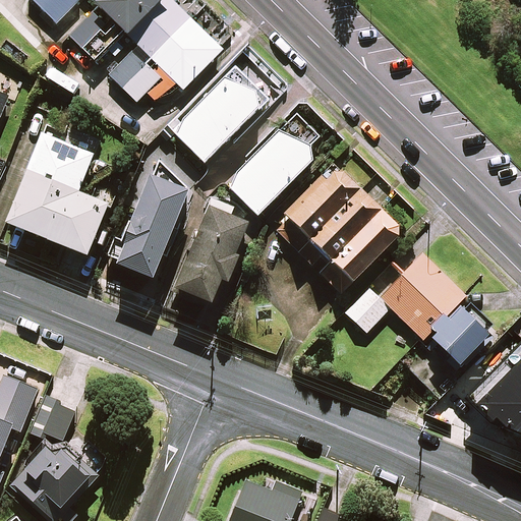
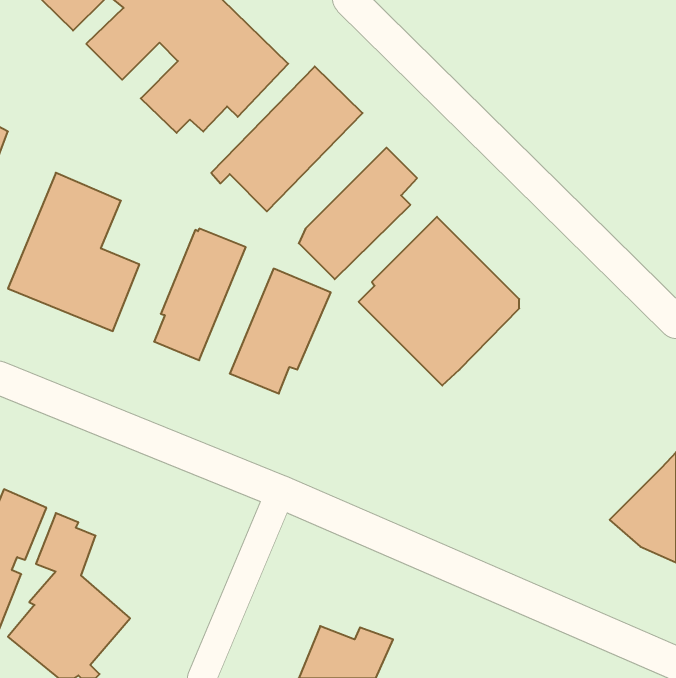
building: [345,253,497,363] -> none

